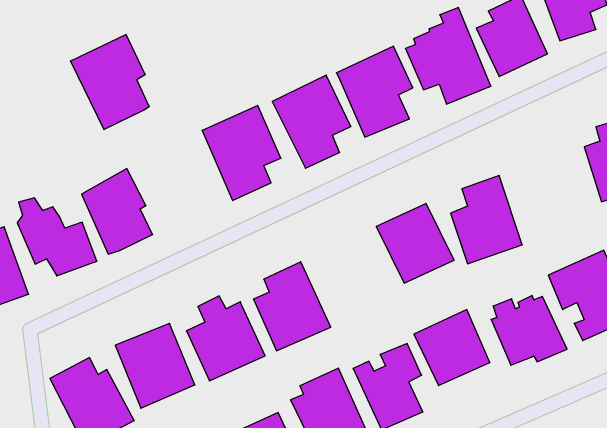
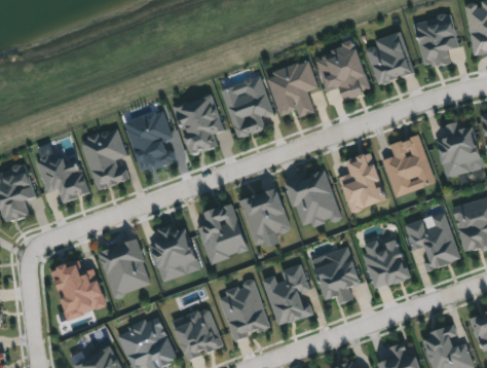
building: [70,35,149,129] -> [123,108,176,173]
building: none -> [384,135,436,197]
building: none -> [240,187,290,243]

